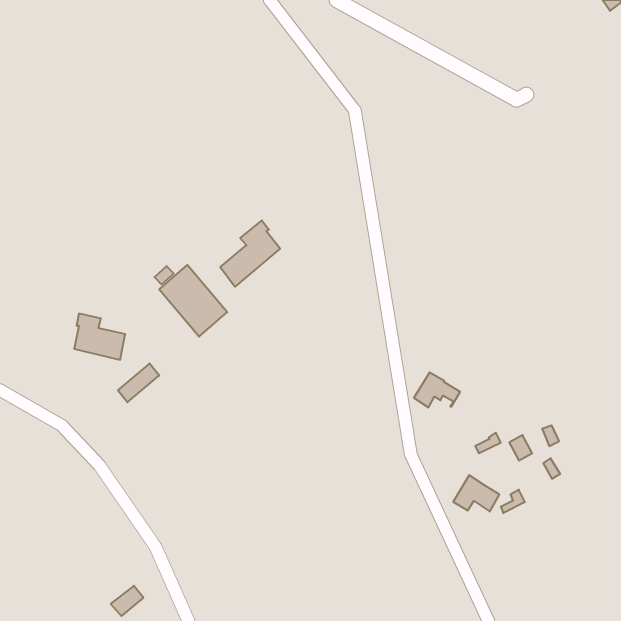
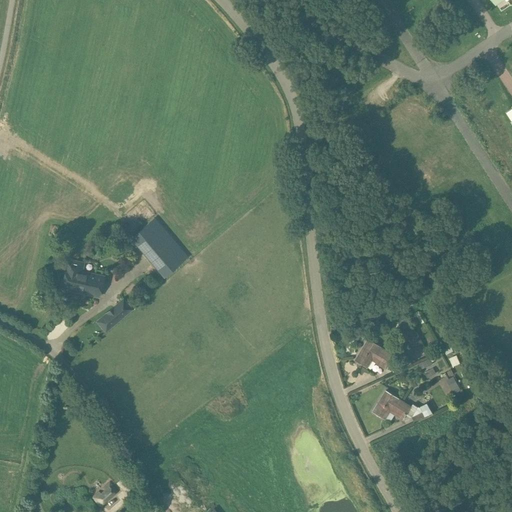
building: [220,220,280,287] -> none
building: [414,372,460,408] -> [355,340,393,369]

